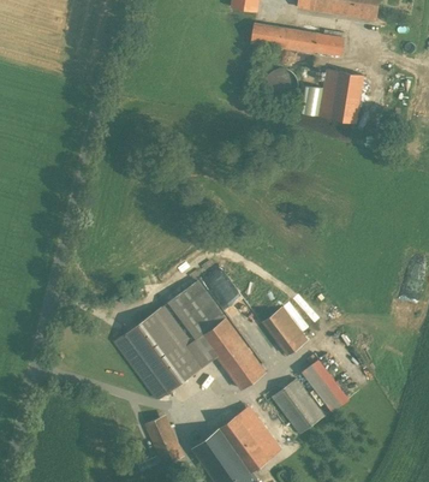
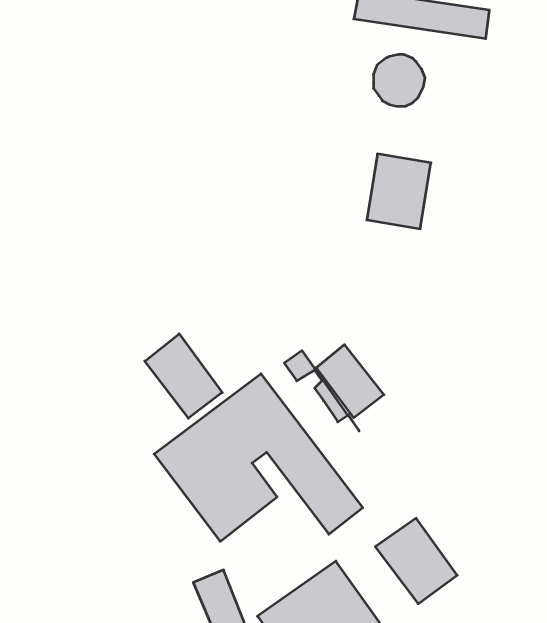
building: [321,71,364,121] -> [367,154,431,229]
building: none -> [145,334,222,418]
building: [263,305,309,355] -> [316,345,384,418]
building: [298,359,348,413] -> none

